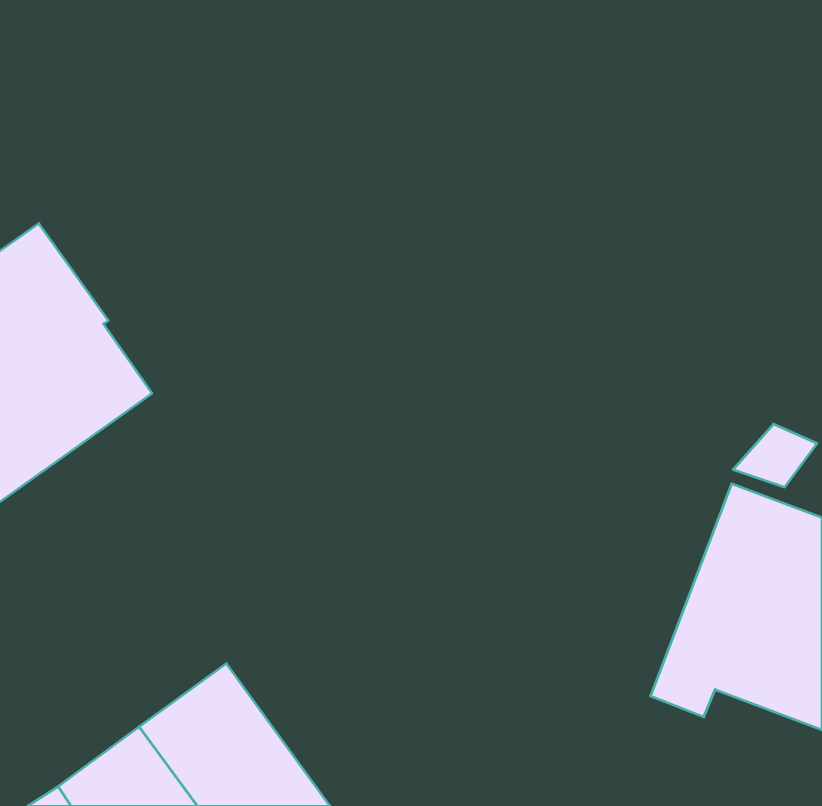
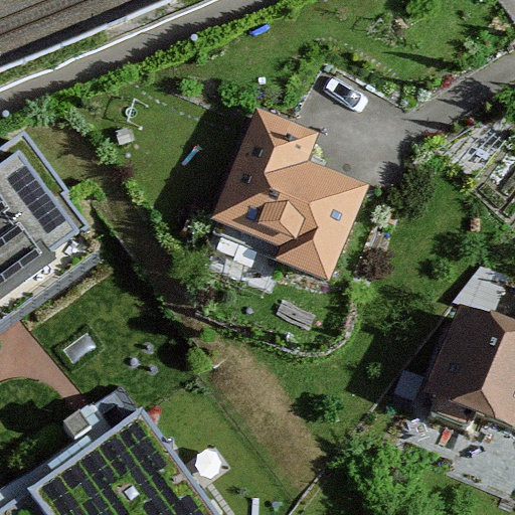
building: none -> [209,107,367,281]

